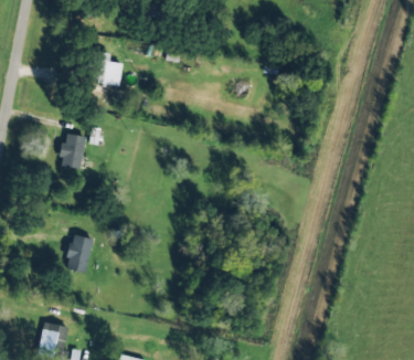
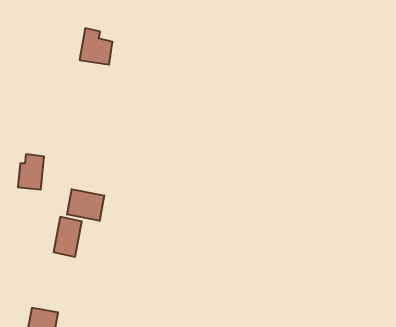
building: [60,133,85,167] -> [18,154,44,190]
building: none -> [67,189,104,221]

